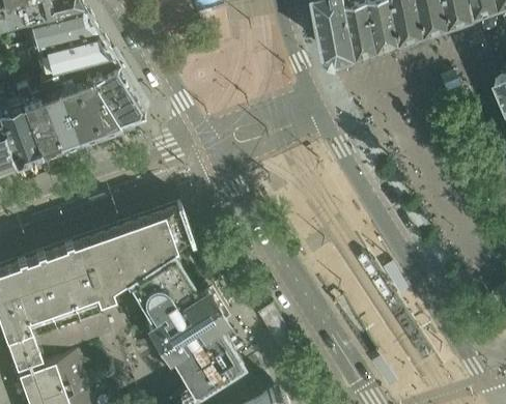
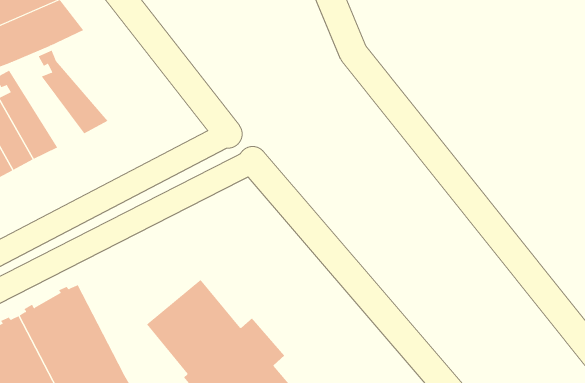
building: [84,59,143,129] -> none
building: [51,78,100,144] -> none
building: [79,213,189,320] -> none

